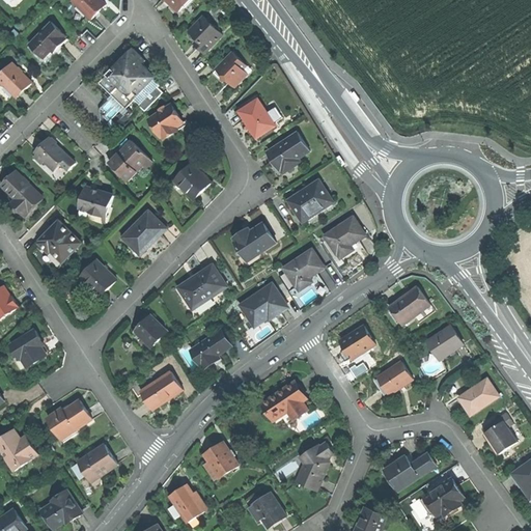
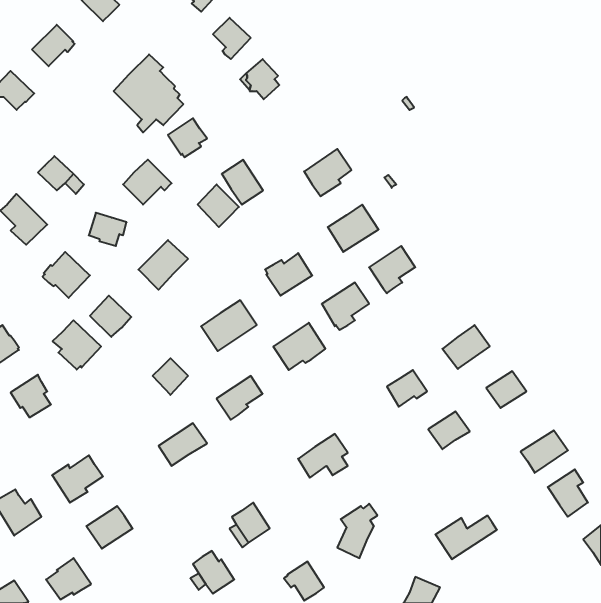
building: [237,97,274,137] -> [222,160,263,205]
building: none -> [53,320,101,370]
building: [423,478,463,514] -> none

